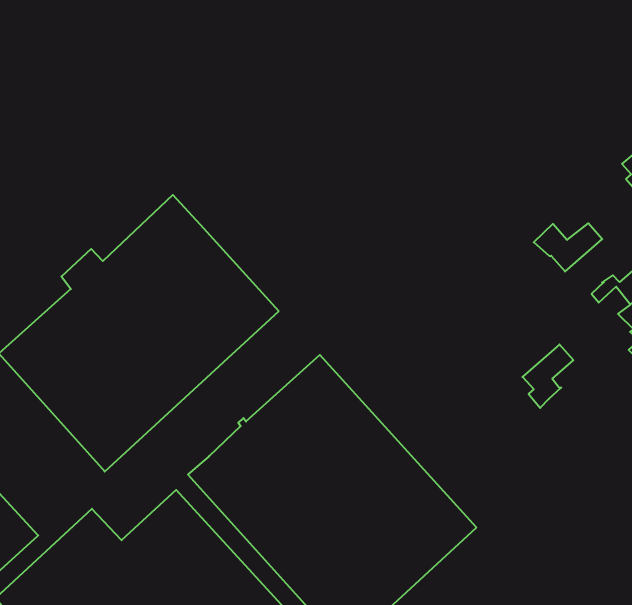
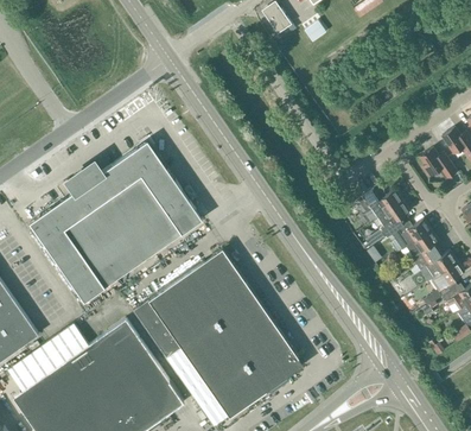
building: [522,344,573,408] -> [376,202,408,239]

